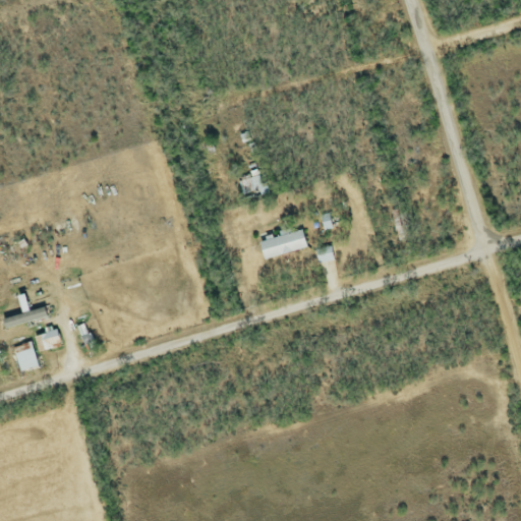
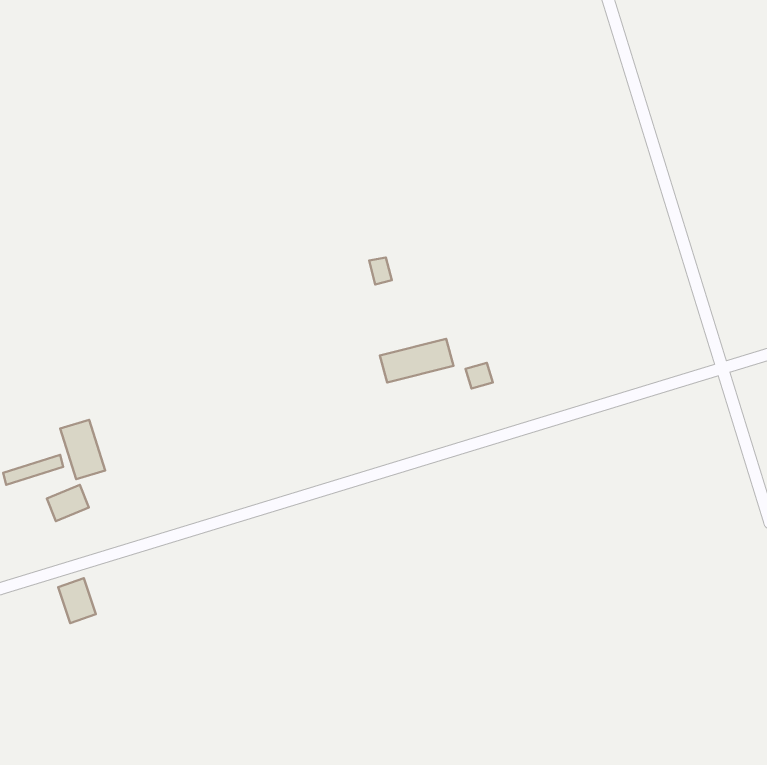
building: none -> [60,420,105,479]
building: [13,341,39,371] -> [58,578,96,623]

